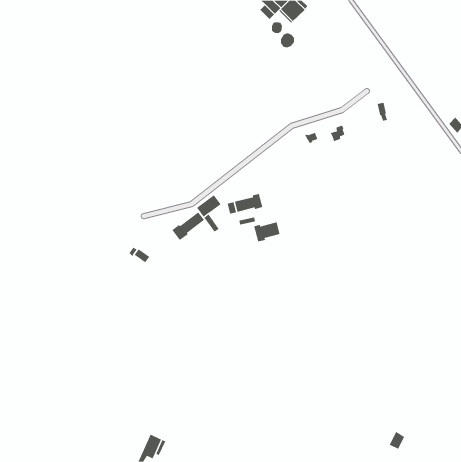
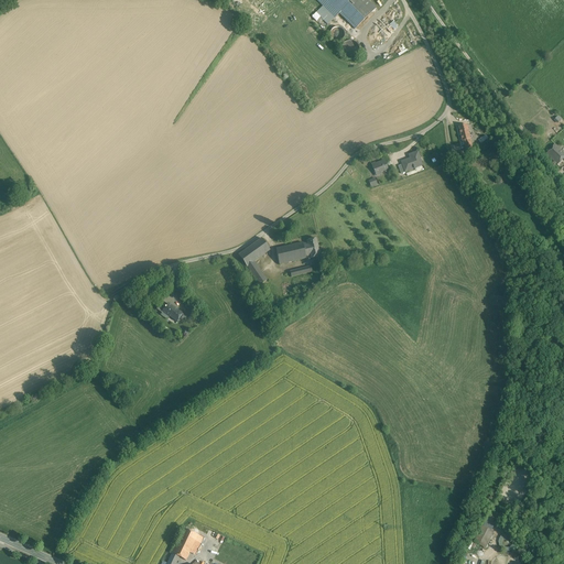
building: [172,211,205,241] -> none
building: [254,221,280,242] -> none

